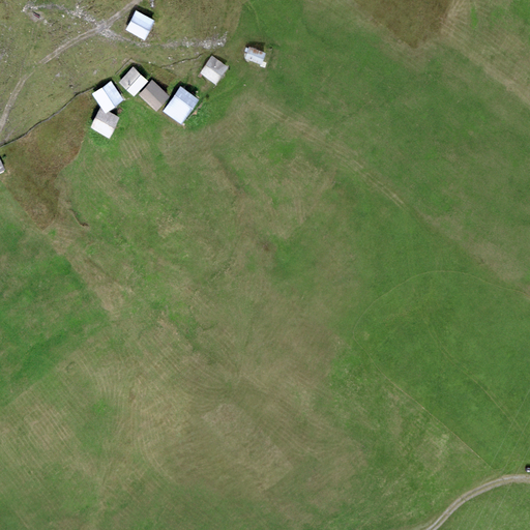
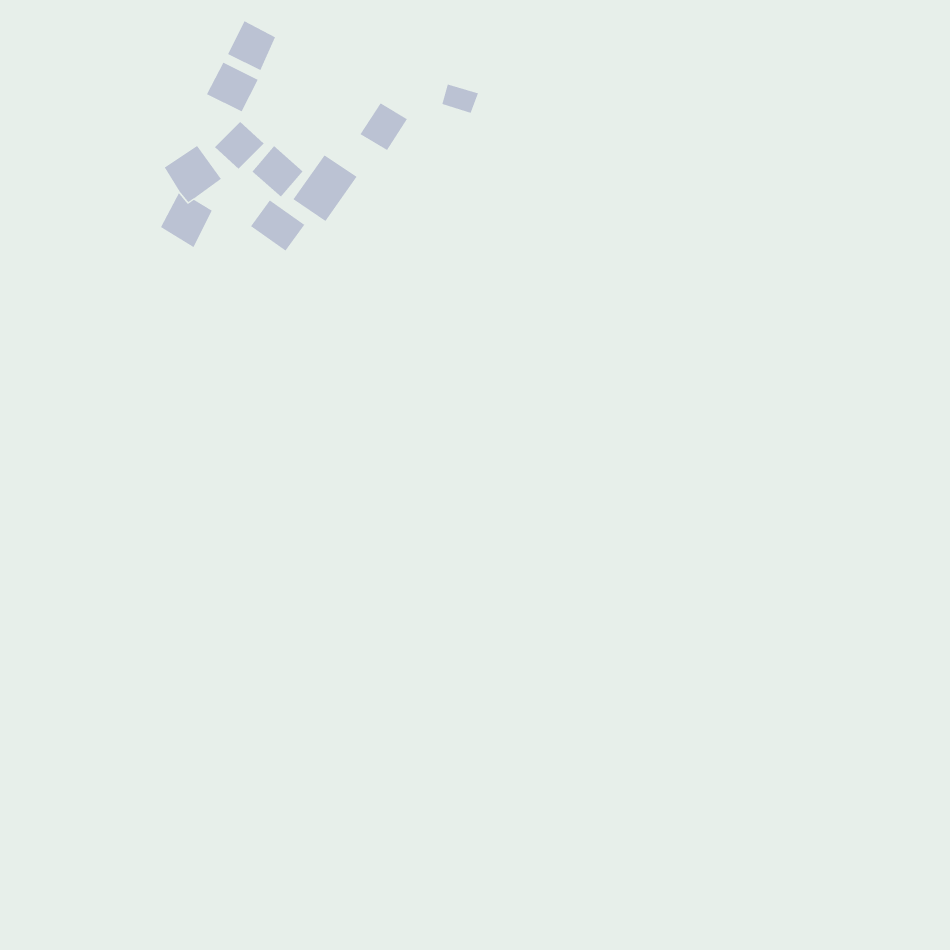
building: none -> [206,62,259,112]
building: none -> [250,199,305,251]

